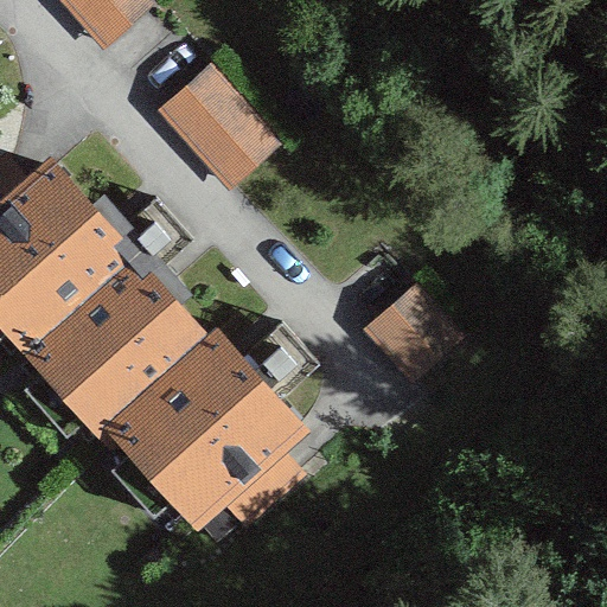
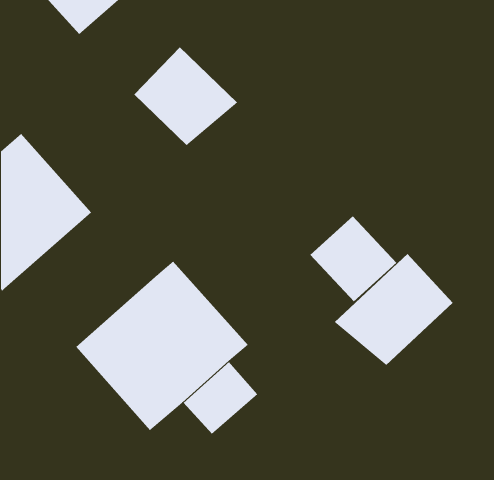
building: [6,254,193,437] -> none
building: none -> [334,253,453,366]

